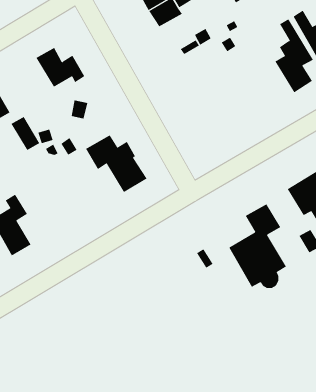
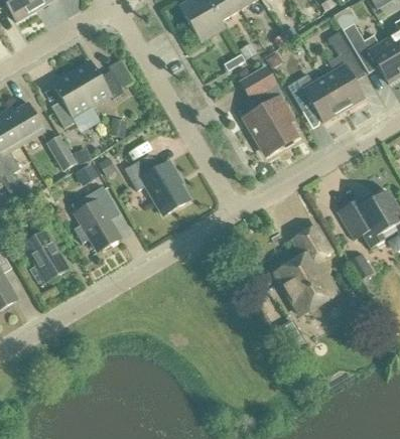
building: none -> [241,67,295,155]
building: none -> [50,72,91,127]
building: none -> [287,74,344,122]
building: none -> [71,185,119,251]

